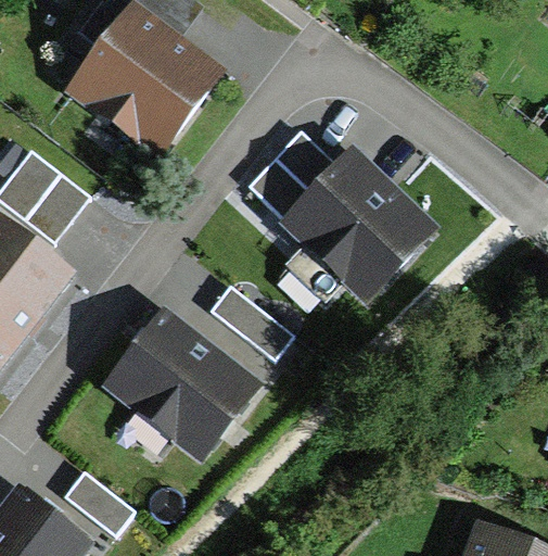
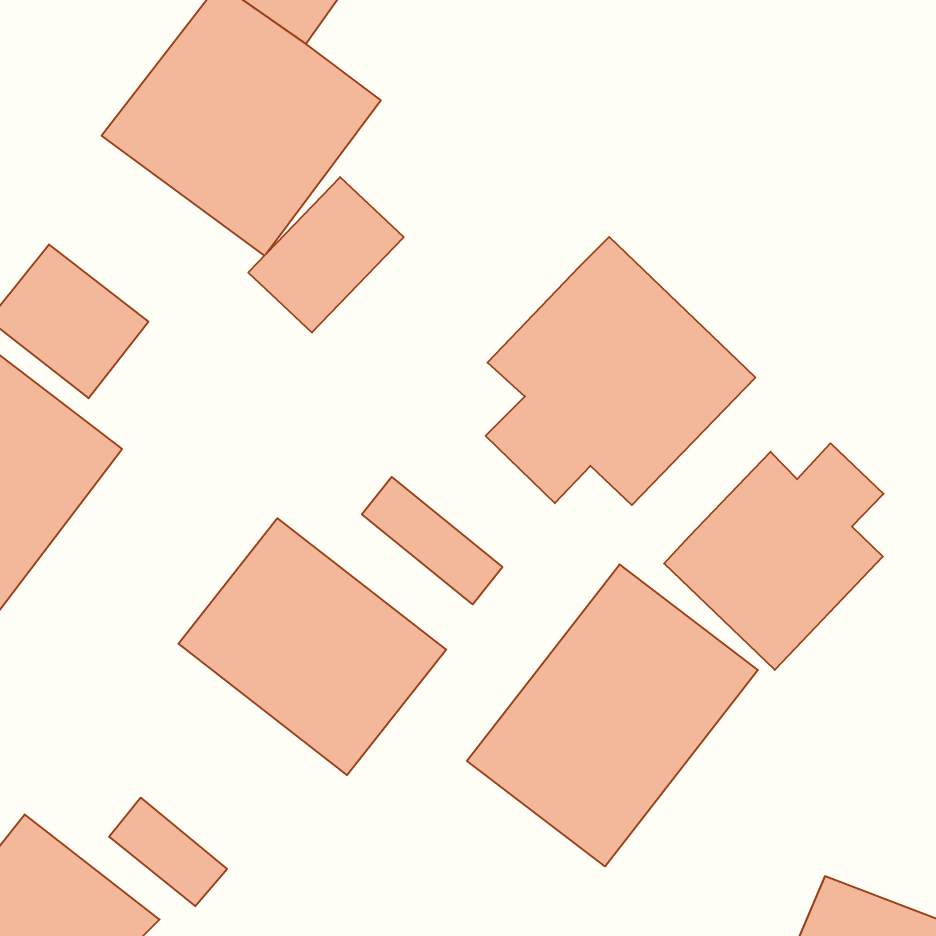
building: [247,130,337,220] -> [248,177,404,333]
building: none -> [664,443,884,670]
building: none -> [467,564,758,866]

